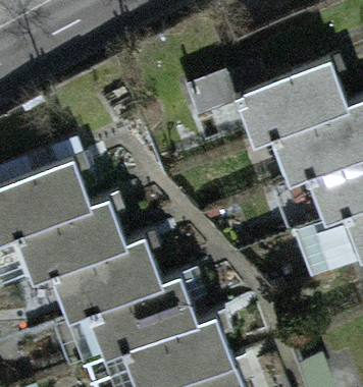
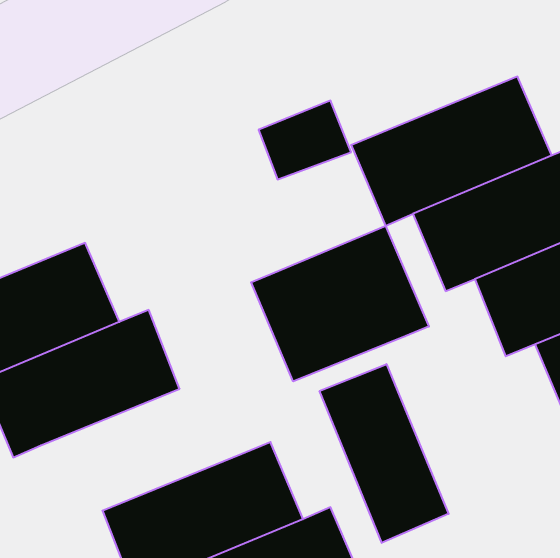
building: none -> [251,226,429,381]
building: none -> [320,364,449,543]
building: [46,240,165,327] -> none

